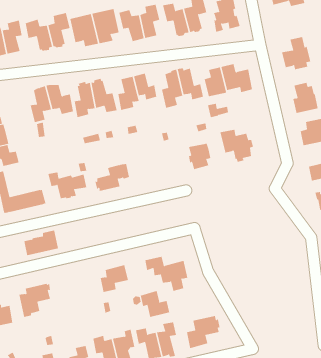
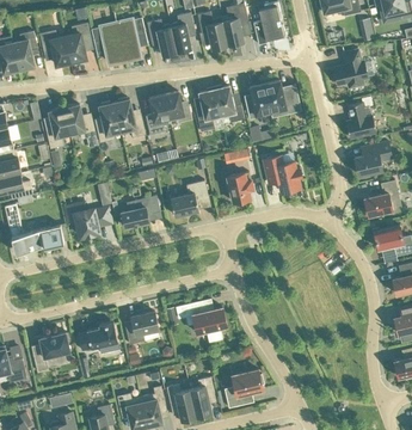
building: none -> [168,180,207,216]
building: [23,230,59,256] -> [76,321,117,351]
building: [140,290,170,319] -> none

